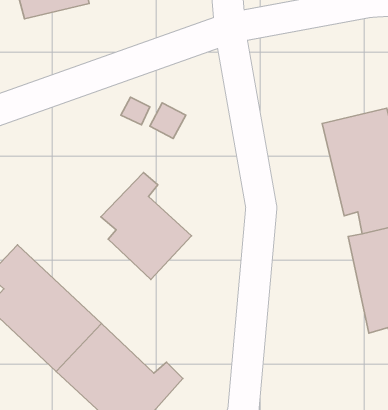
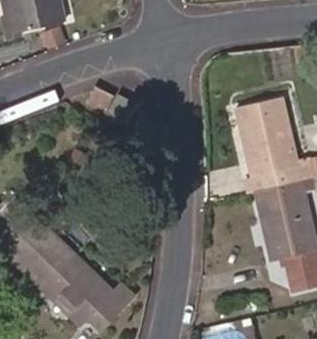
building: [101,173,191,280] -> none

